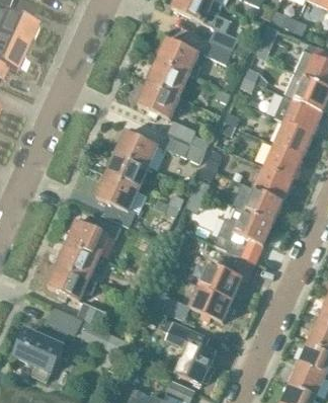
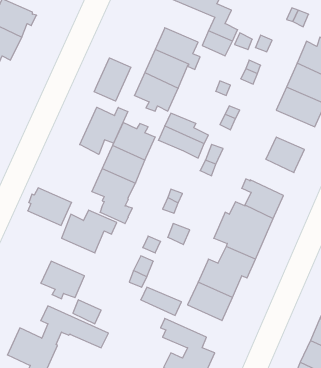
building: none -> [94,58,131,101]
building: none -> [80,107,128,154]
building: [274,122,312,156] -> none
building: [249,165,292,200] -> none
building: [56,242,98,278] -> [28,188,72,225]

